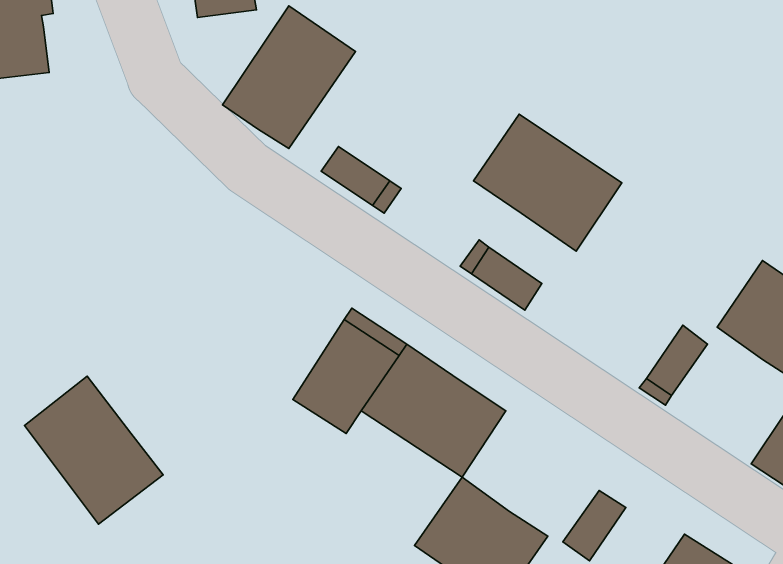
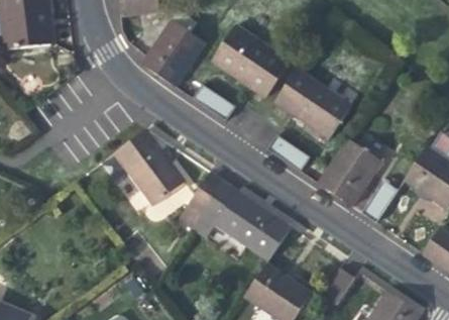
building: none -> [212,25,290,97]
building: none -> [318,138,382,206]
building: [24,376,163,524] -> [113,128,187,207]

